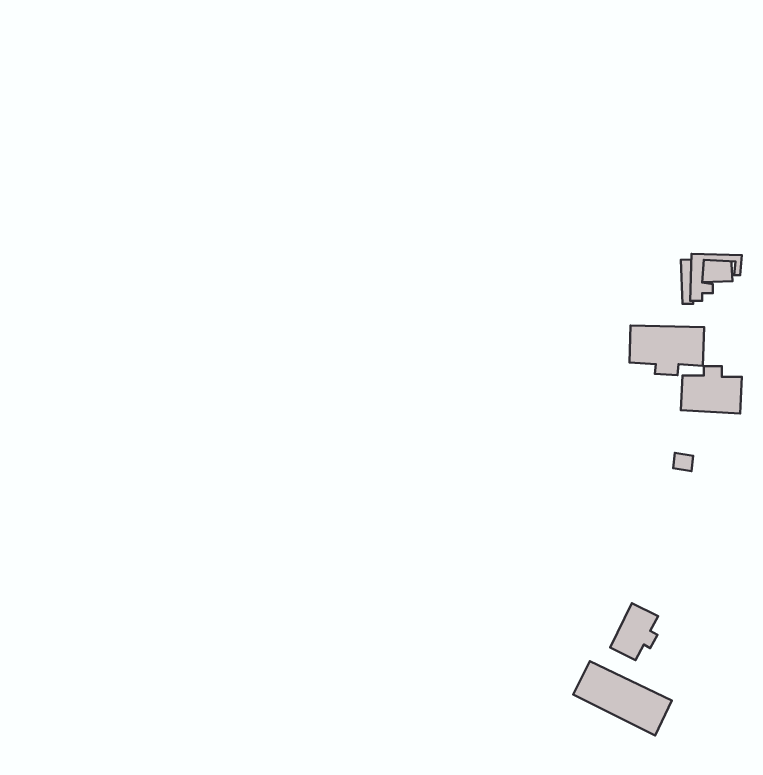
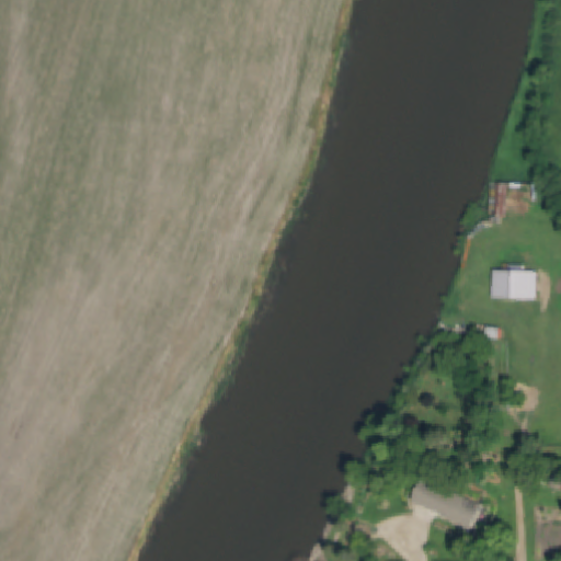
building: [630,325,704,375] -> none
building: [610,603,658,660] -> none

